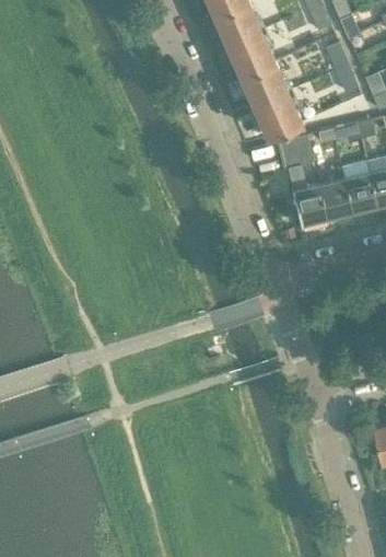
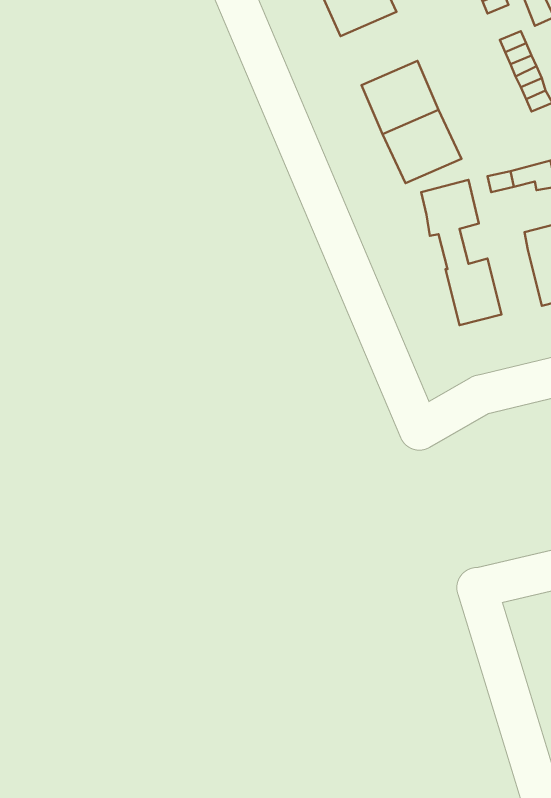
building: [226,31,274,77] -> none
building: [318,179,352,220] -> none

